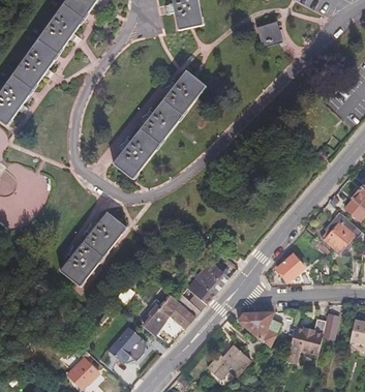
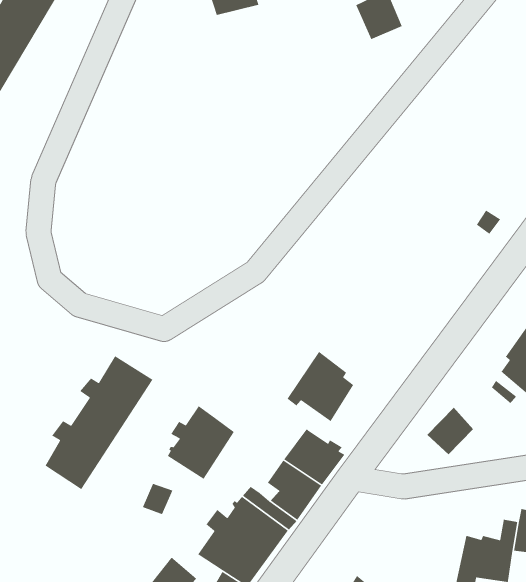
building: [113,67,206,177] -> none
building: none -> [286,351,354,422]
building: none -> [167,405,235,480]
building: [237,311,283,346] -> none

